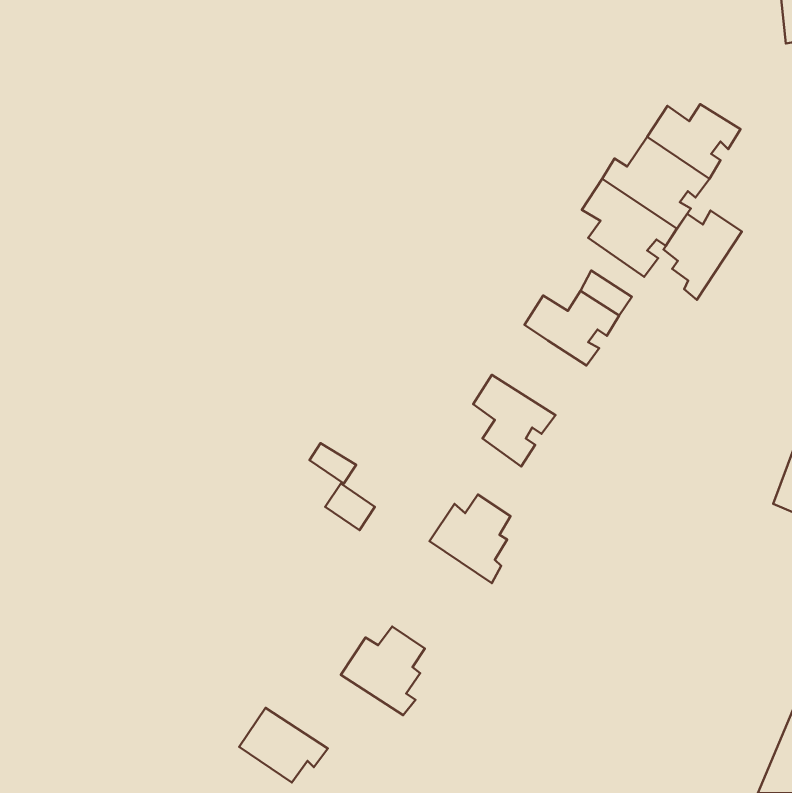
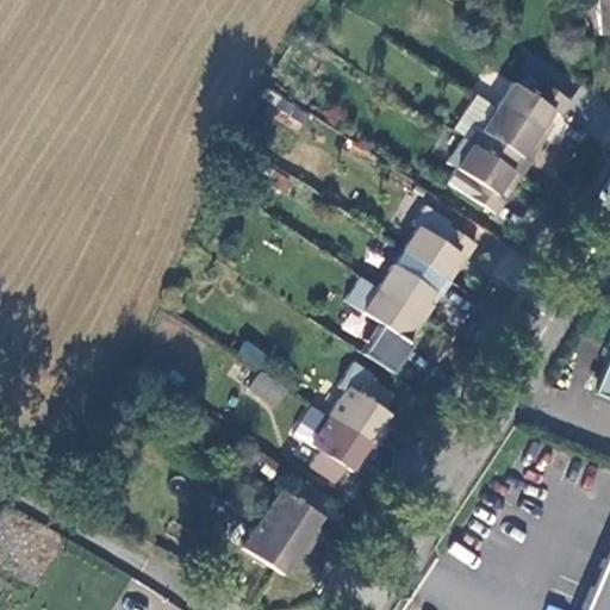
building: [663,211,742,300] -> none
building: none -> [379,261,452,318]
building: none -> [295,404,379,481]
building: [239,708,328,783] -> [243,517,311,574]

